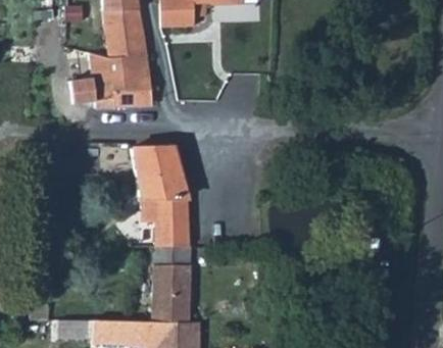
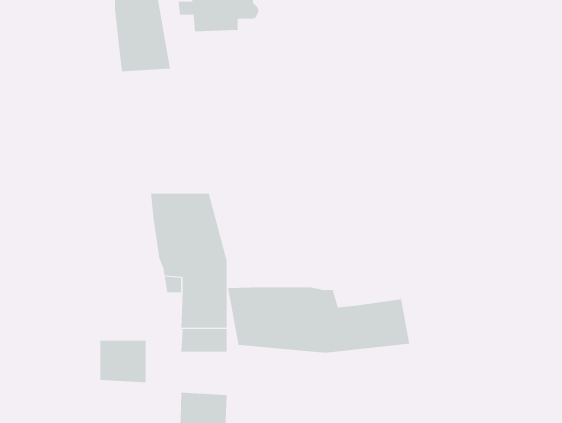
building: [90,51,153,109] -> none
building: none -> [228,287,410,353]
building: [153,264,188,296] -> [99,340,146,383]

